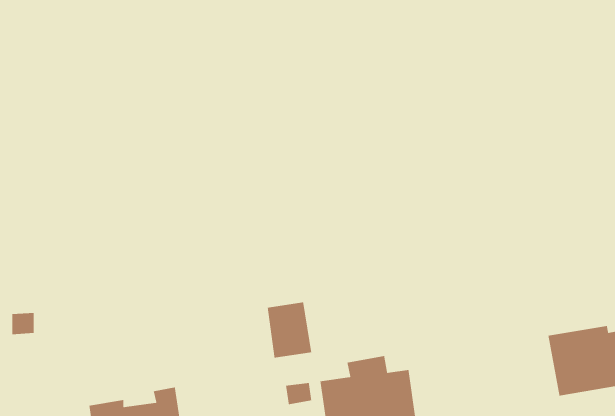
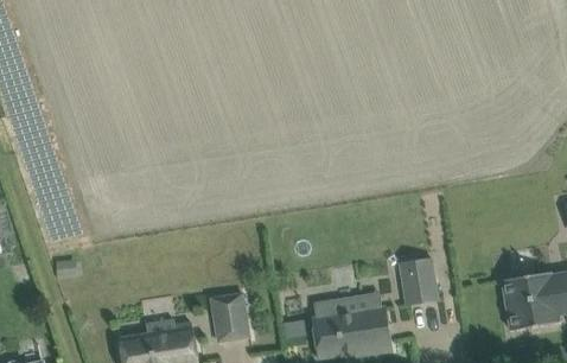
building: [267,301,312,358] -> [210,294,248,342]
building: none -> [400,257,438,306]

